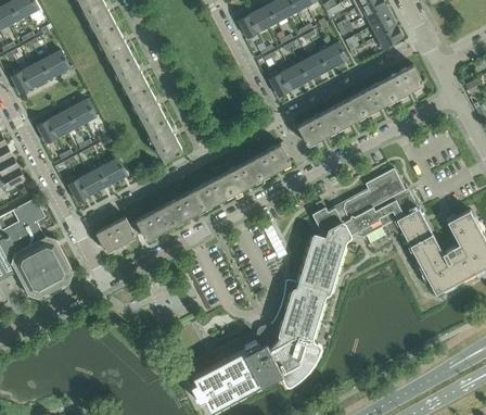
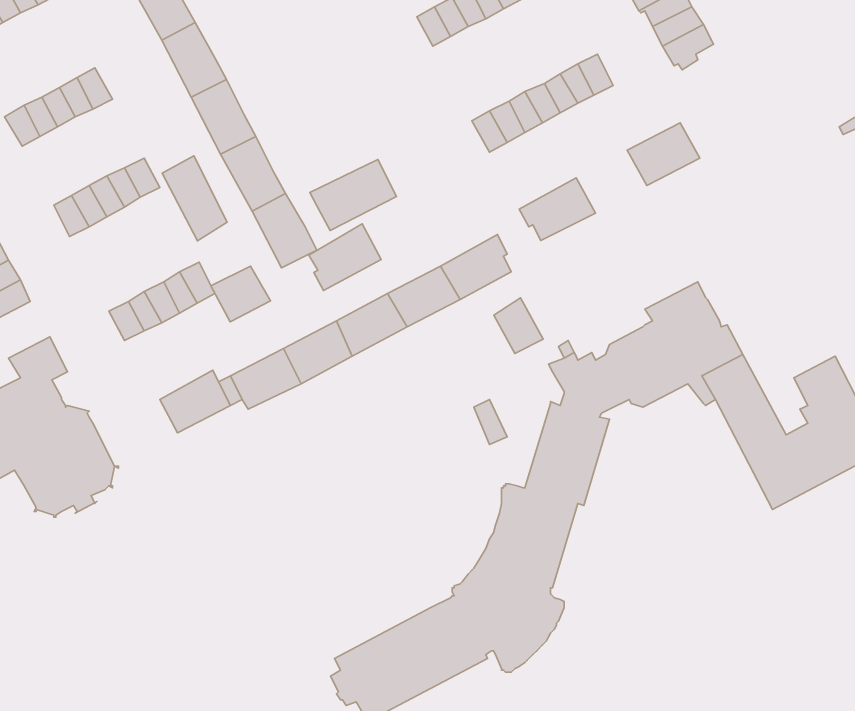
building: [384,65,423,100] -> none
building: [327,96,366,130] -> none
building: none -> [162,156,227,241]
building: none -> [310,159,397,231]
building: none -> [309,224,381,290]
building: none -> [211,266,270,322]
building: none -> [494,298,543,353]

